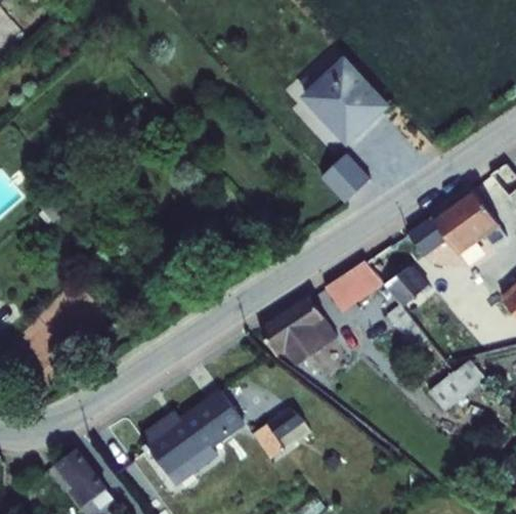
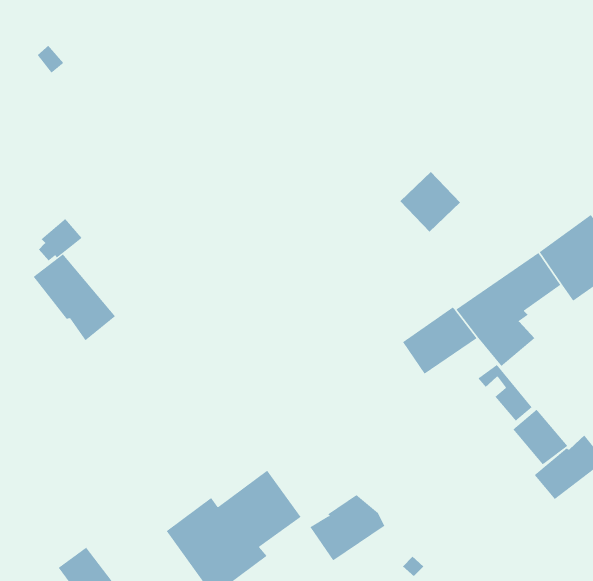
building: [301,56,391,146] -> none
building: none -> [33,254,116,341]
building: [259,297,338,367] -> none
building: none -> [513,409,568,465]

